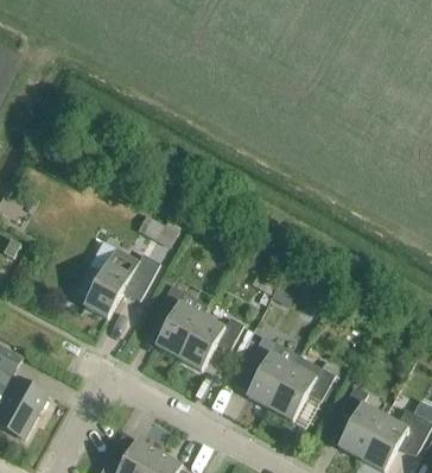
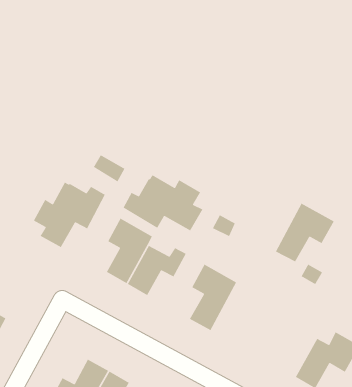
building: none -> [122,174,203,232]
building: [271,355,336,421] -> [275,203,335,263]
building: [339,386,386,459] -> none

